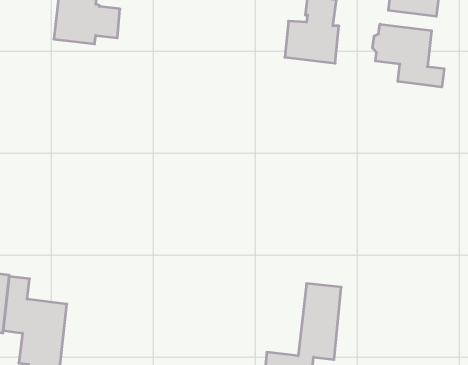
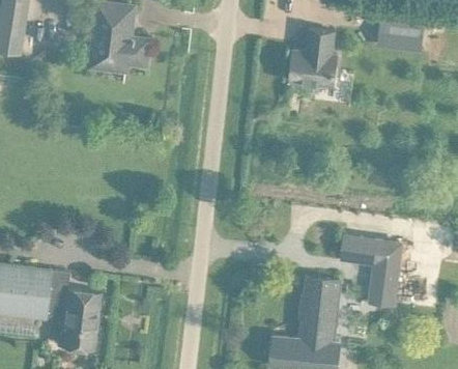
building: [372,24,444,87] -> none
building: none -> [341,235,401,306]

